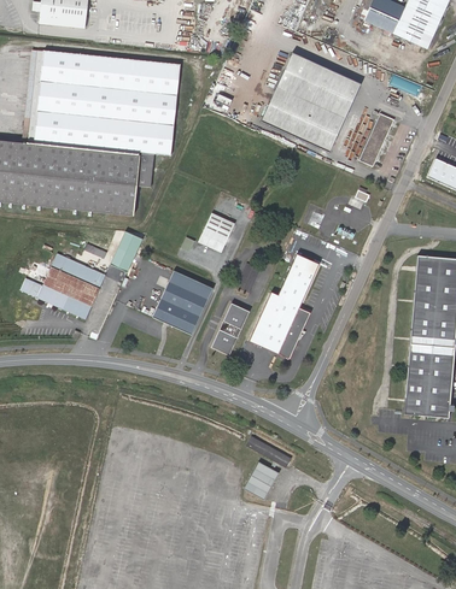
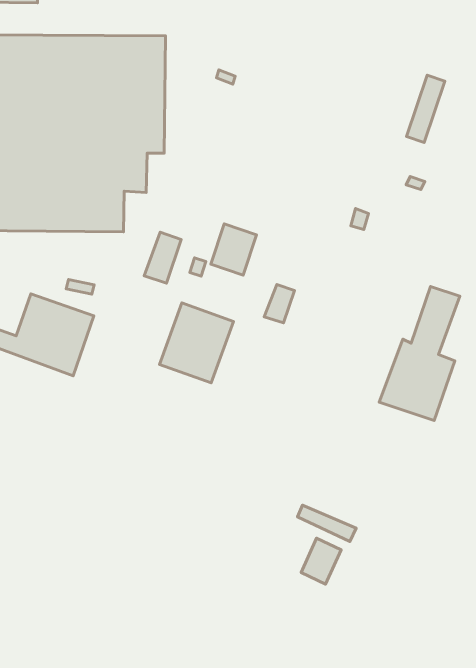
building: [261,52,361,152] -> none
building: [111,230,142,270] -> [144,232,181,283]
building: [252,253,322,357] -> [379,287,460,420]
building: [212,304,251,355] -> none

